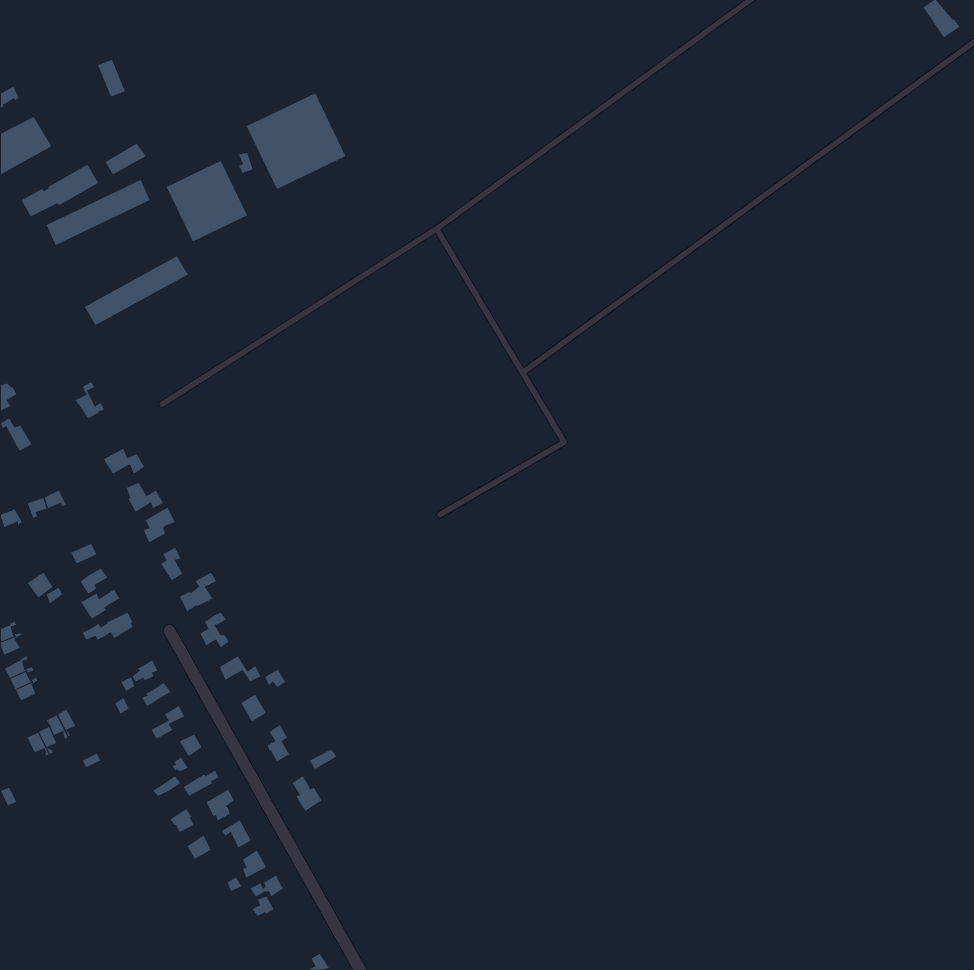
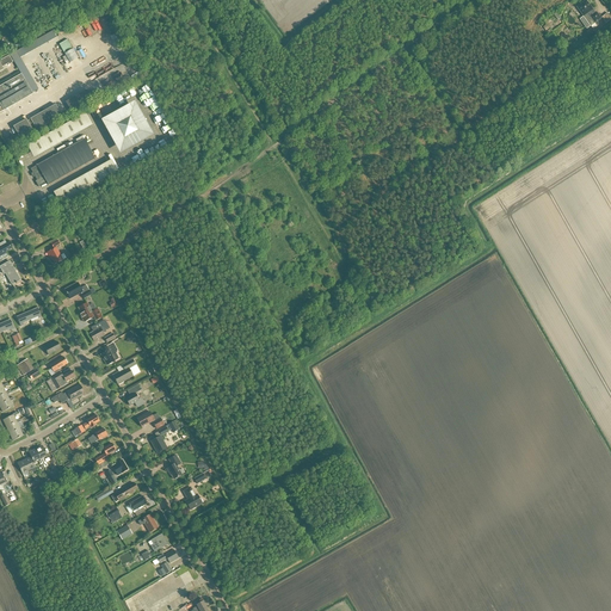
building: [246,92,346,190] -> none
building: none -> [30,137,95,185]

